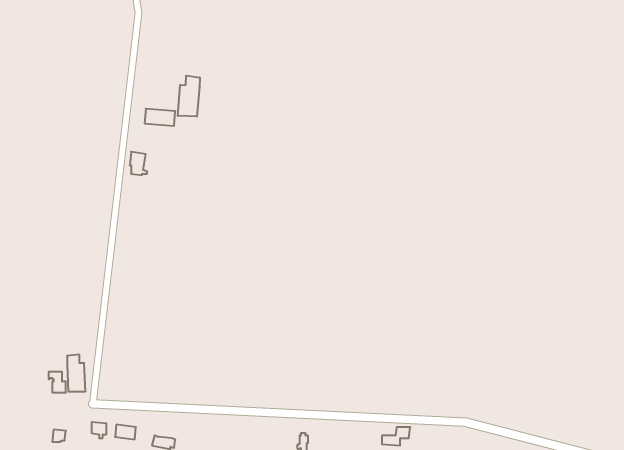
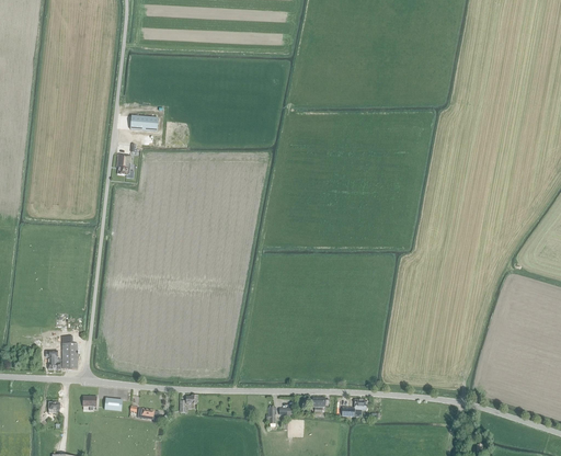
building: [178,76,200,117] -> none

